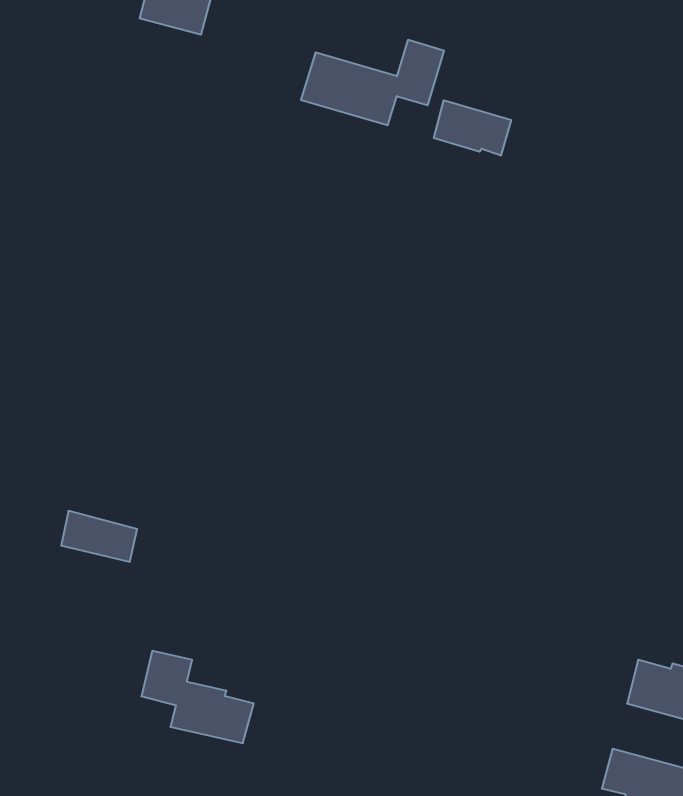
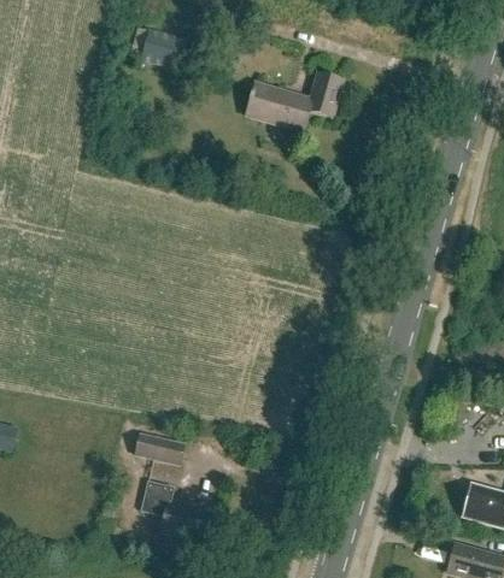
building: [434,100,511,156] -> none
building: [61,511,137,562] -> [135,429,186,462]

